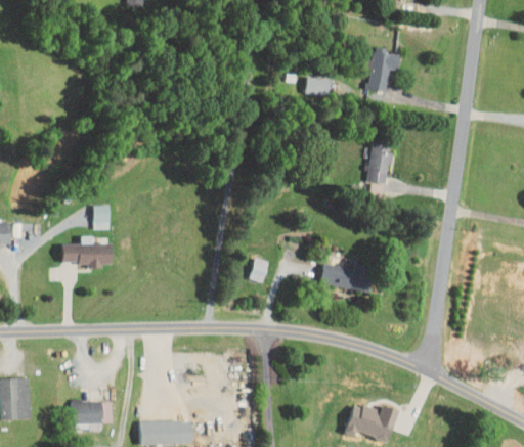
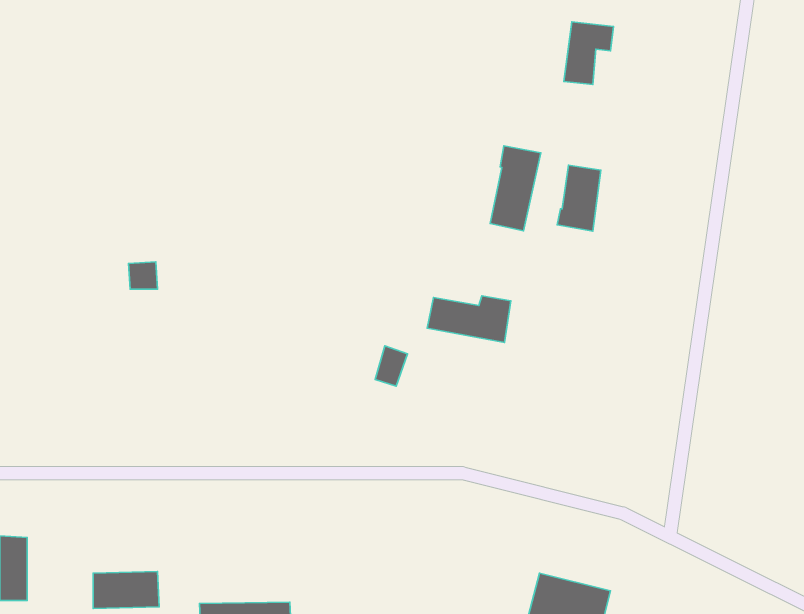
building: [302,76,331,99] -> none
building: none -> [490,146,541,231]
building: [59,236,116,266] -> none
building: [320,263,374,293] -> [427,296,511,343]

